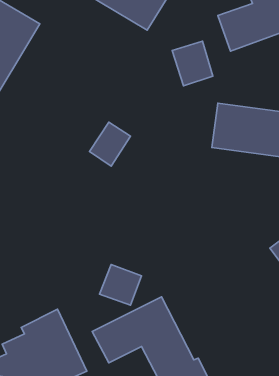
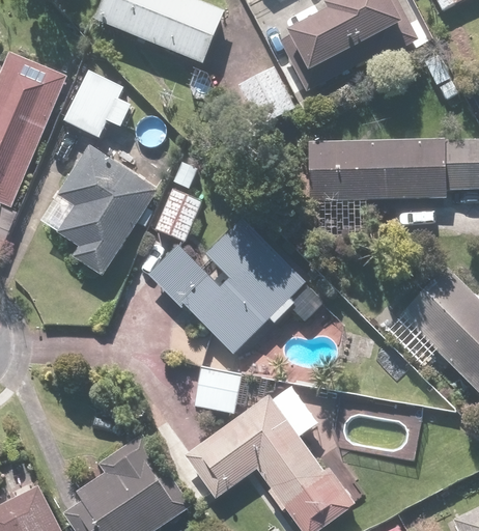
building: none -> [63,71,132,139]
building: none -> [57,147,158,277]
building: none -> [146,216,307,355]

